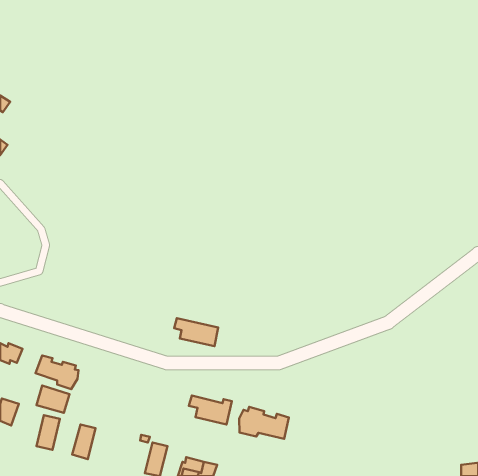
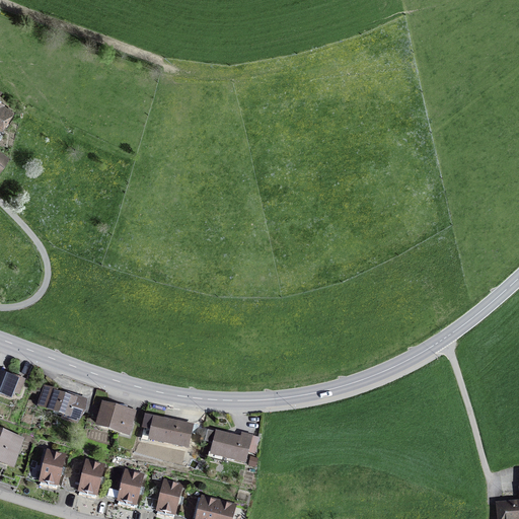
building: [174,318,218,346] -> [144,415,192,445]
building: [37,386,69,413] -> [98,402,134,432]
building: [239,407,289,439] -> none
building: none -> [118,469,143,507]

